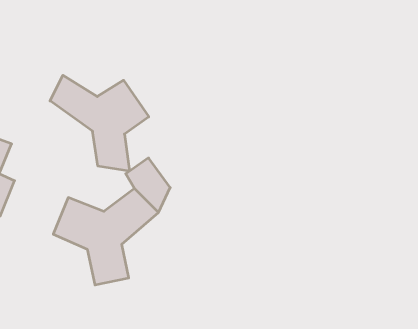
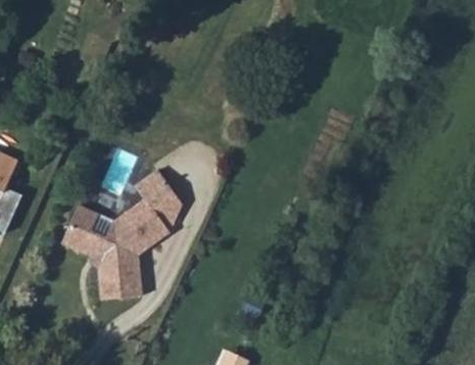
building: [50,75,149,171] -> none

